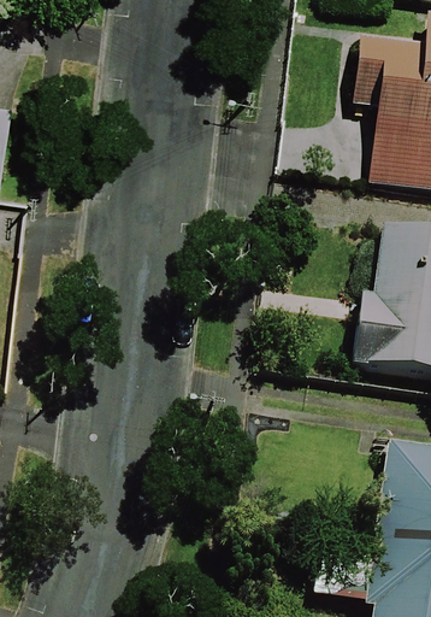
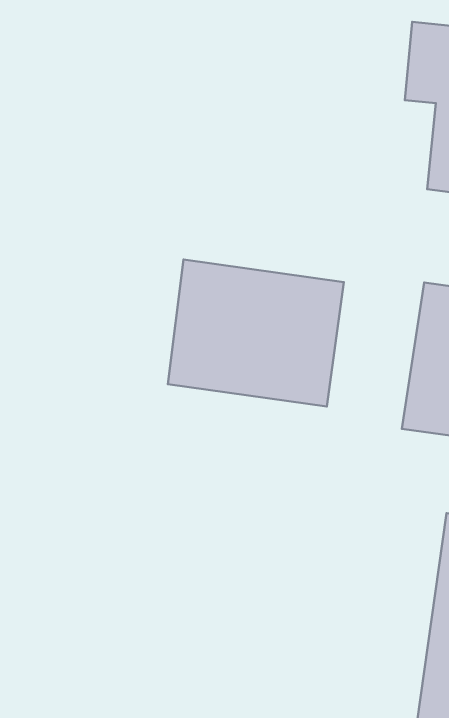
building: none -> [168,259,344,406]

